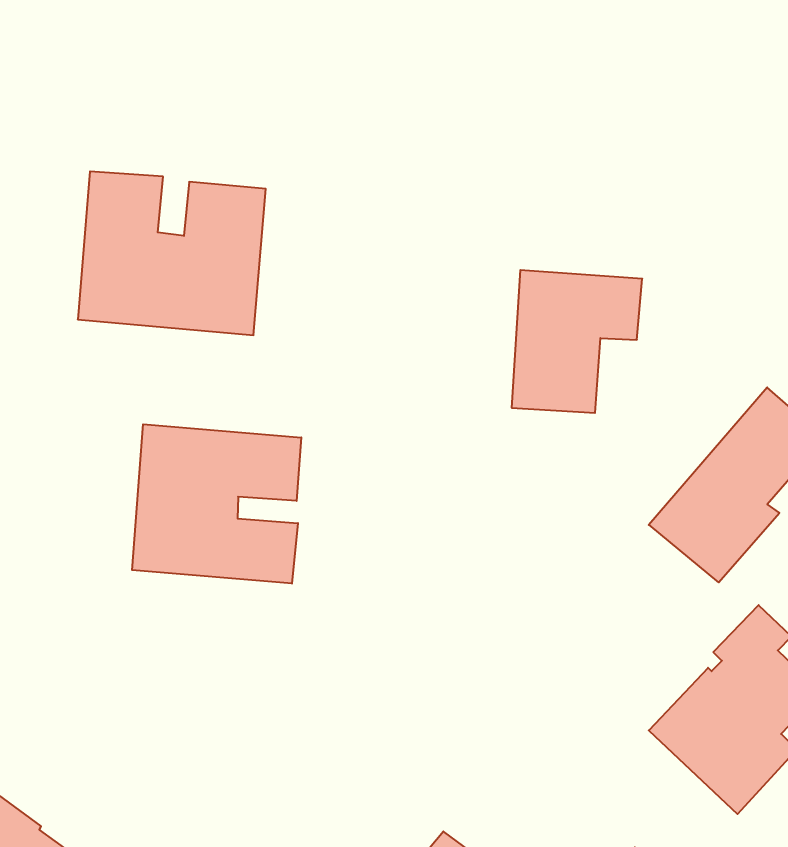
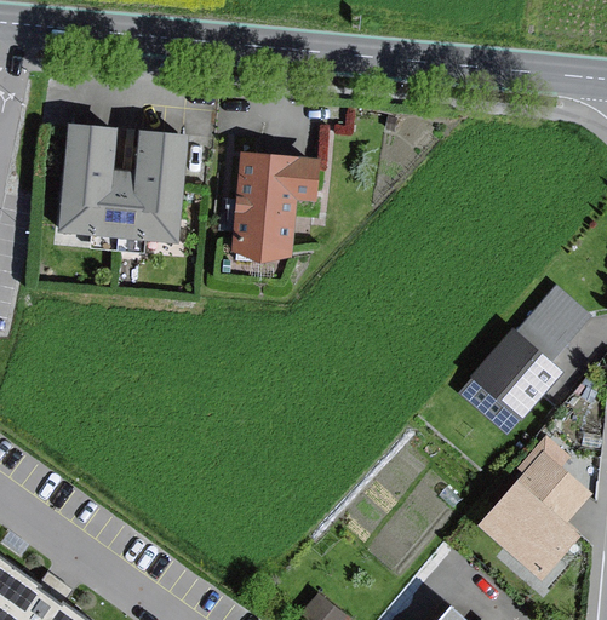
building: [512,270,642,413] -> [239,161,330,260]
building: [132,424,301,584] -> none

